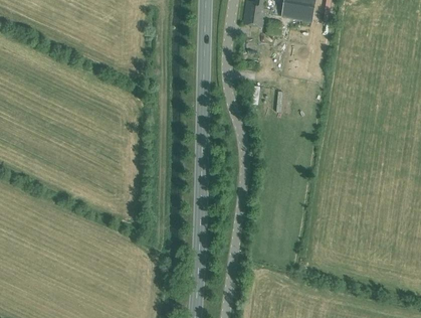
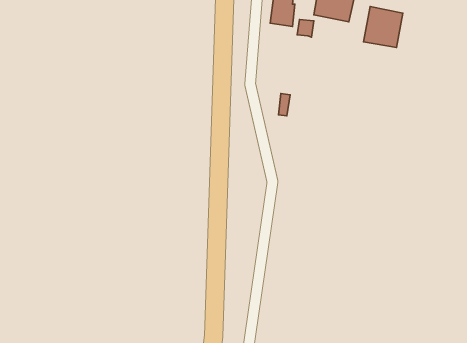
building: none -> [363,6,403,48]

